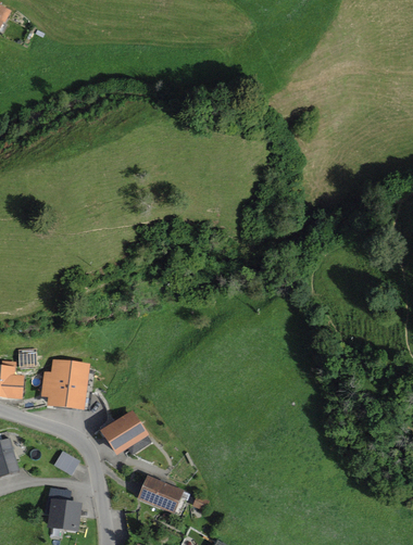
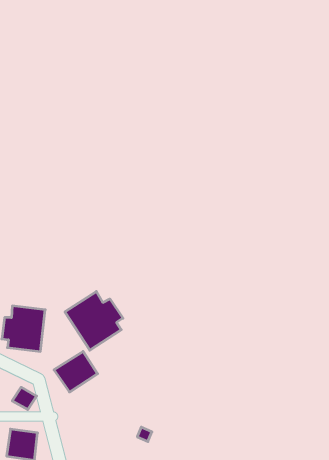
building: none -> [65,291,123,350]
building: [137,473,184,512] -> none

